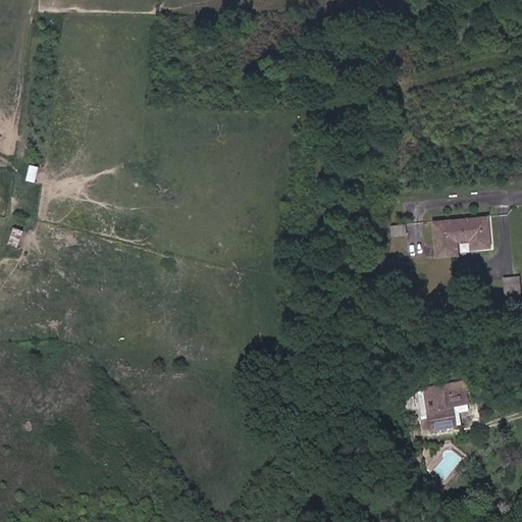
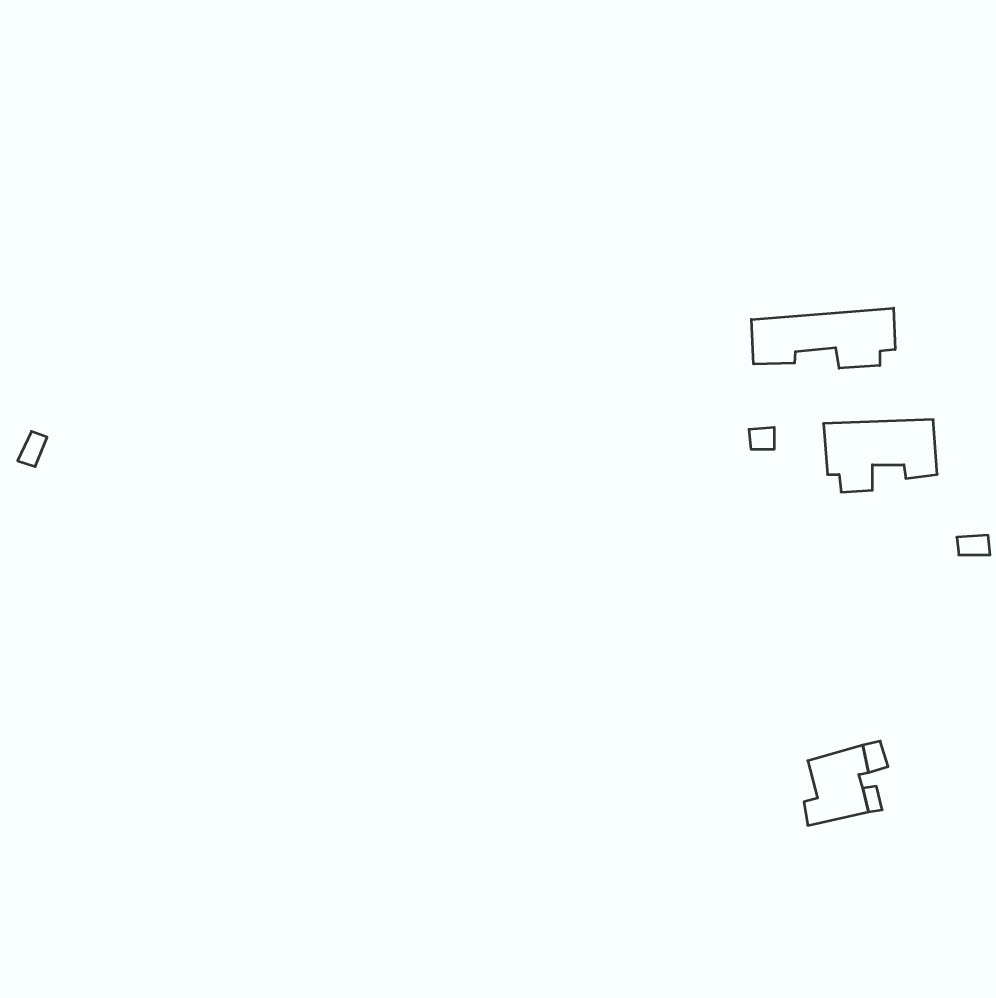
building: none -> [751,308,895,368]

